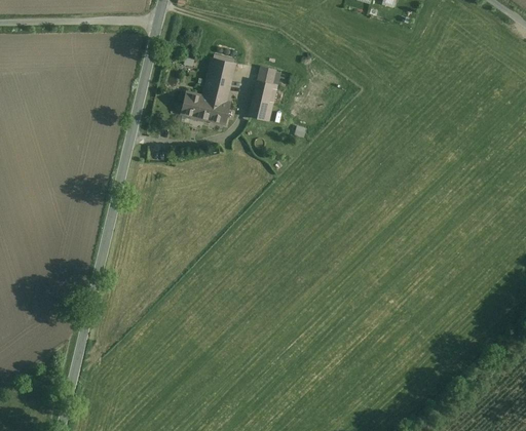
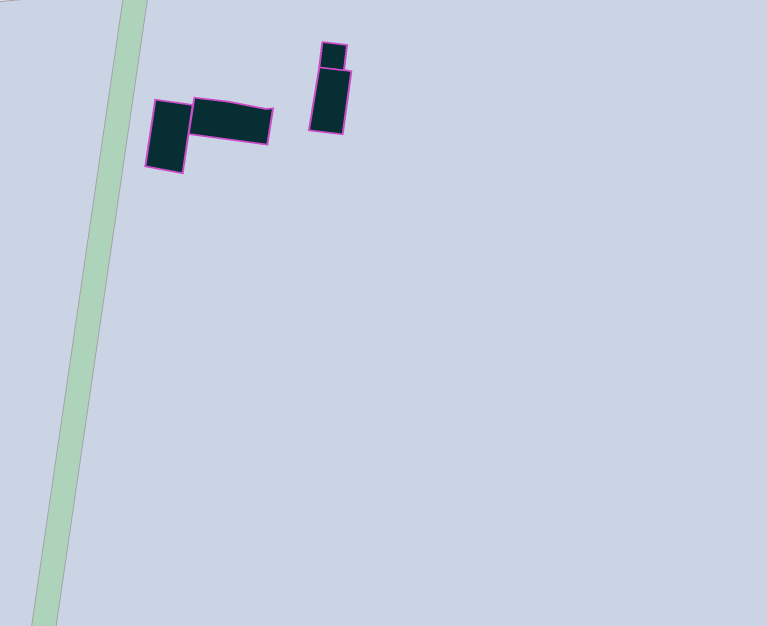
building: [203,57,234,102] -> [145,100,193,173]

